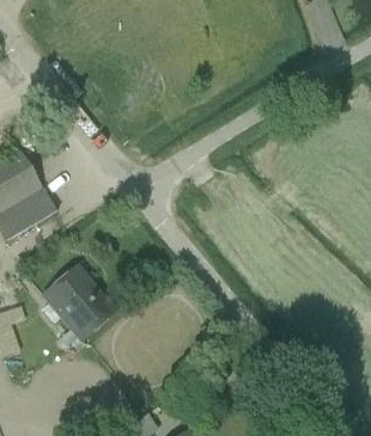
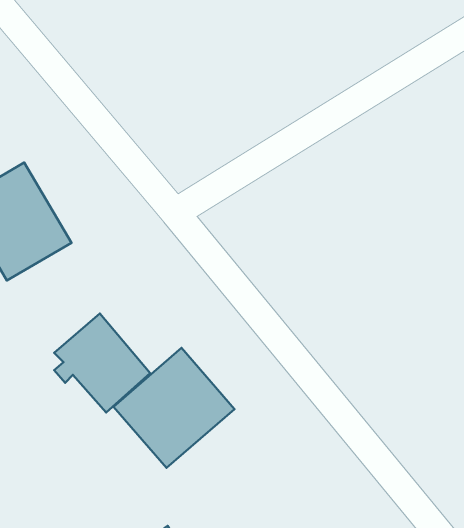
building: none -> [113,348,235,468]

